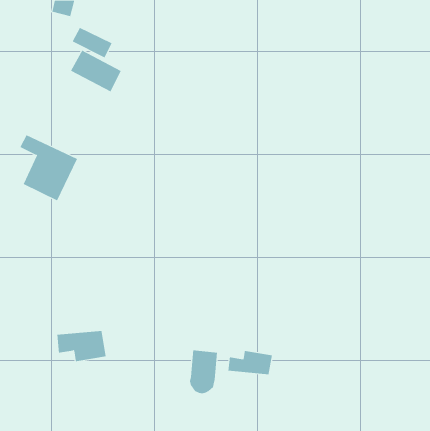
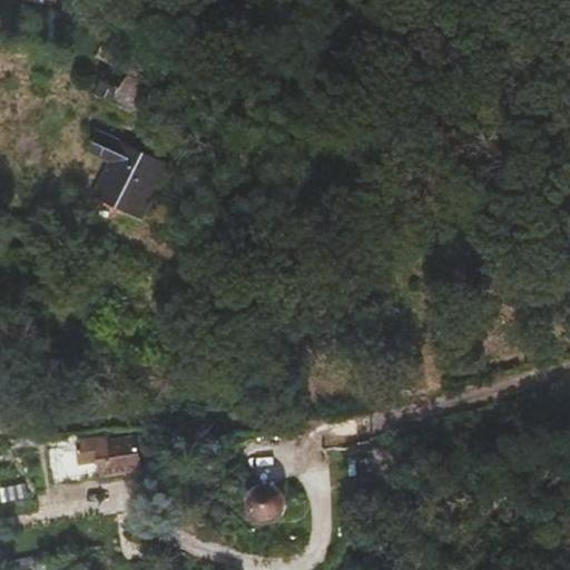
building: [19,134,78,201] -> [89,132,166,220]
building: [228,350,273,375] -> none

